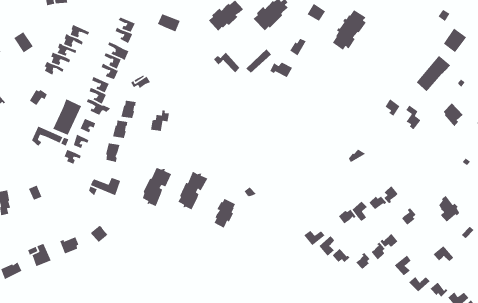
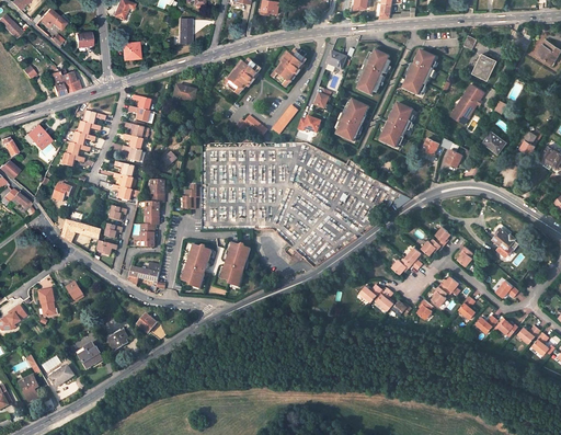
building: none -> [402,49,435,94]
building: none -> [336,99,368,141]
building: none -> [379,102,413,147]
building: [52,98,82,136] -> none
building: [213,198,236,229] -> none

